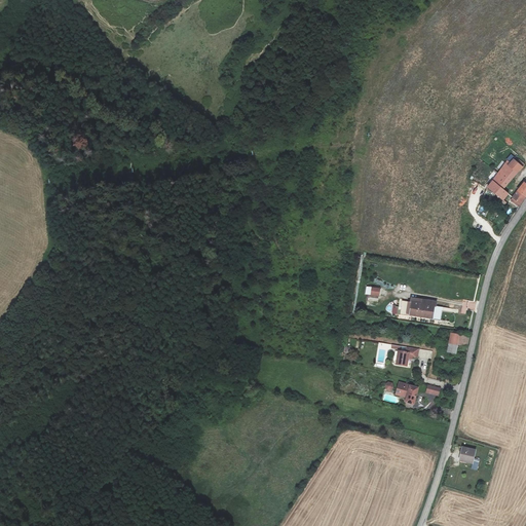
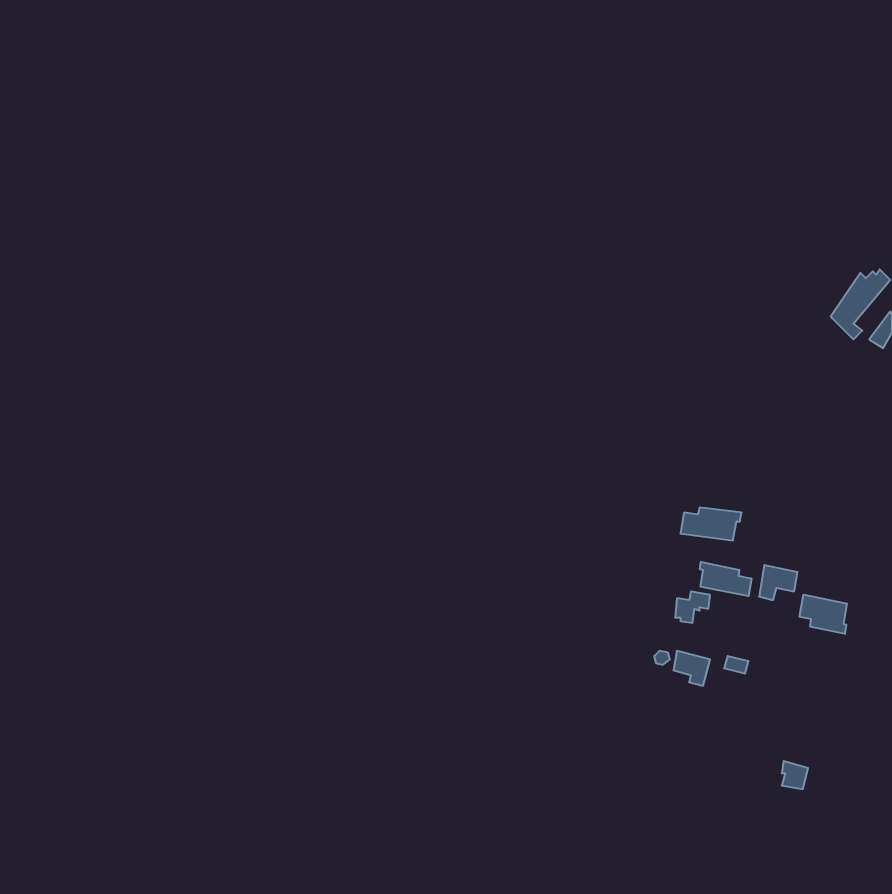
building: none -> [700,562,751,596]
building: none -> [800,595,847,634]

